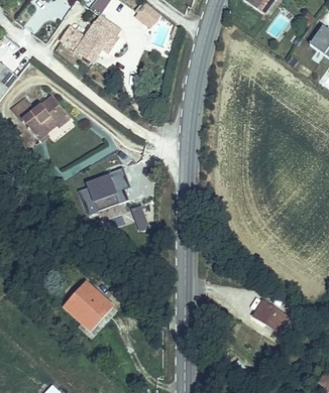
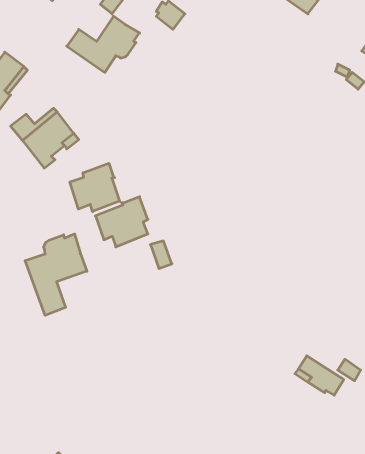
building: none -> [70,163,120,212]
building: none -> [25,234,87,315]
building: [68,286,108,326] -> none

